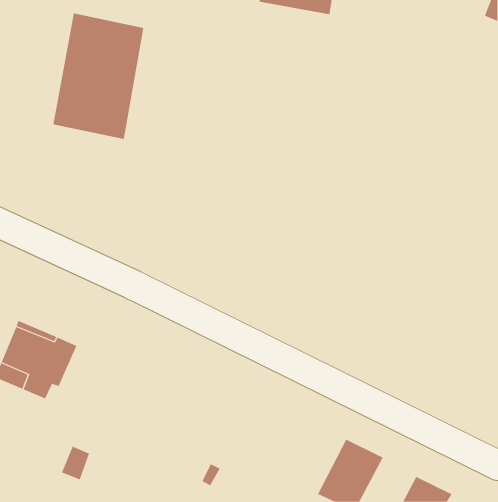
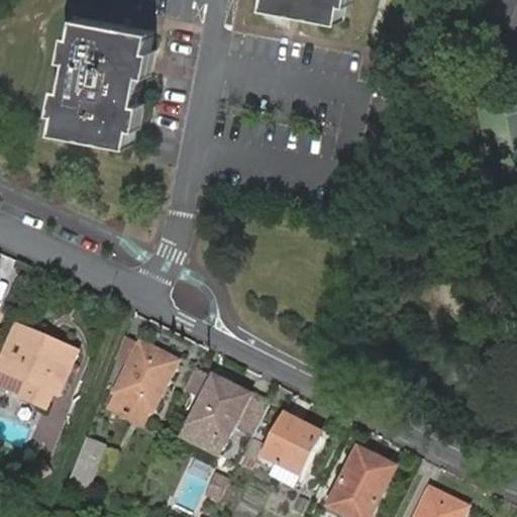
building: none -> [110,341,173,427]
building: none -> [180,369,263,451]
building: none -> [261,415,317,474]

